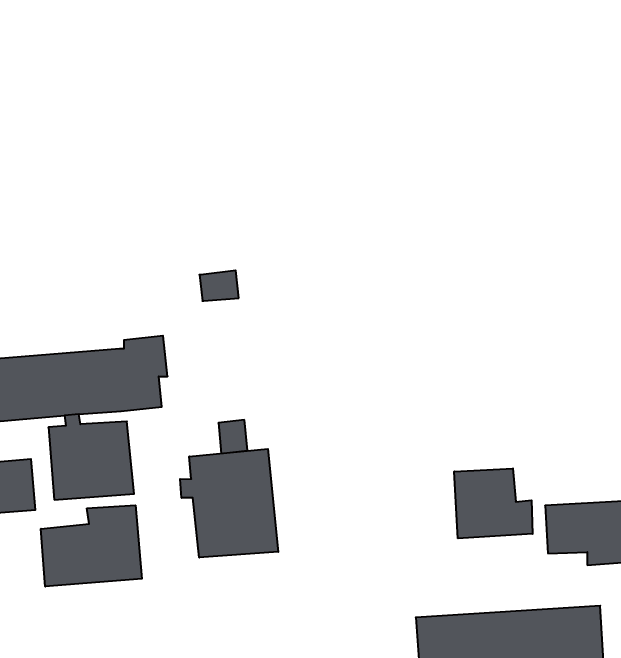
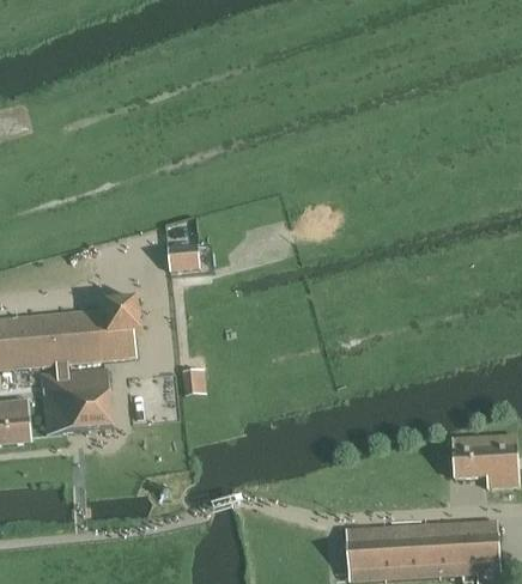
building: [180,449,278,558] -> none
building: [454,468,533,538] -> none
building: [41,505,142,587] -> none

